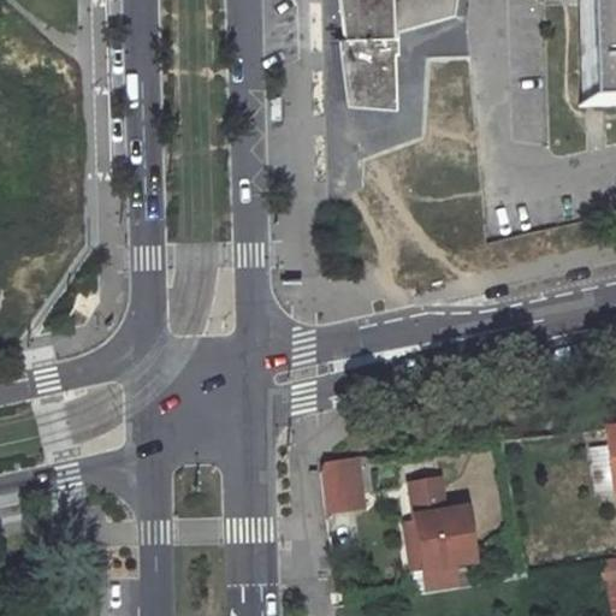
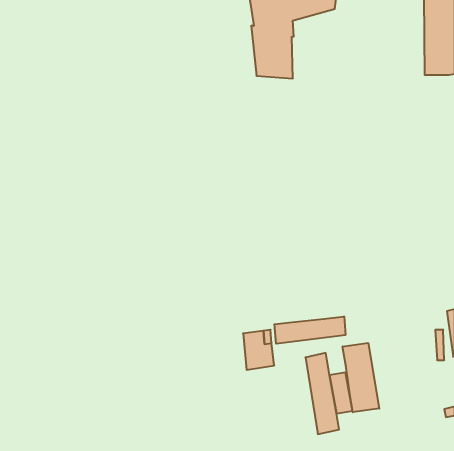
building: none -> [274,316,345,344]
building: none -> [343,343,379,412]

